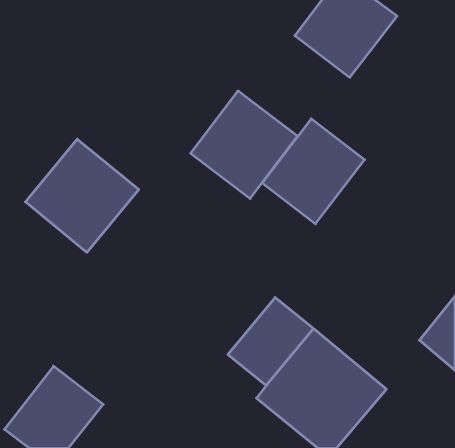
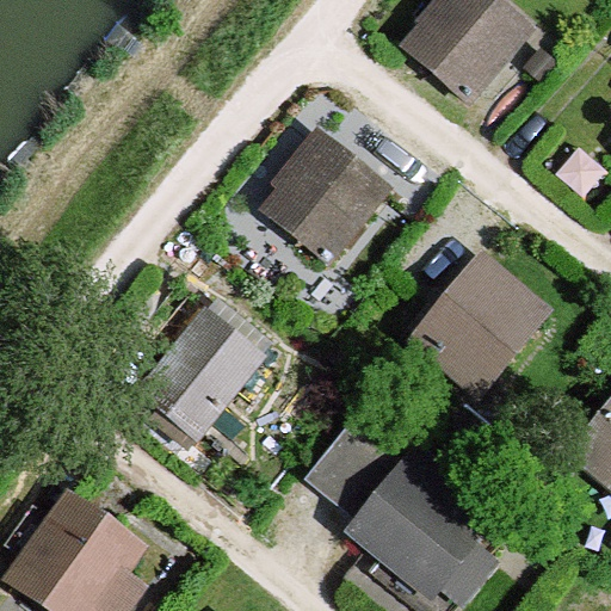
building: [262,119,365,224] -> [413,255,550,396]
building: [25,139,139,252] -> none
building: none -> [137,303,272,442]

